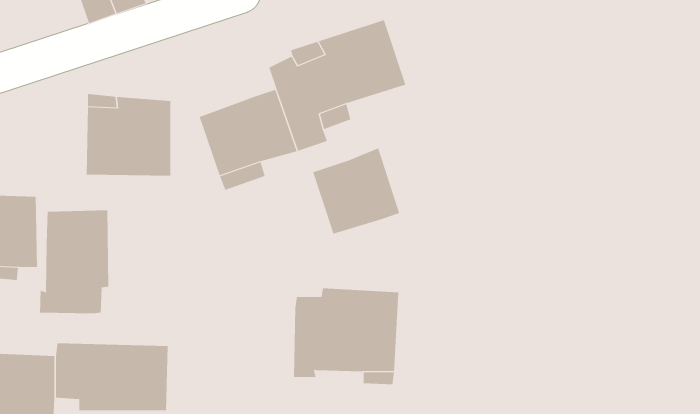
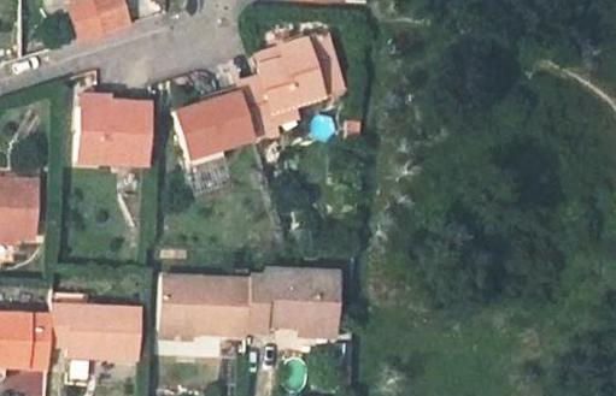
building: [312,148,400,234] -> none
building: [39,210,109,314] -> none
building: none -> [163,271,253,336]

